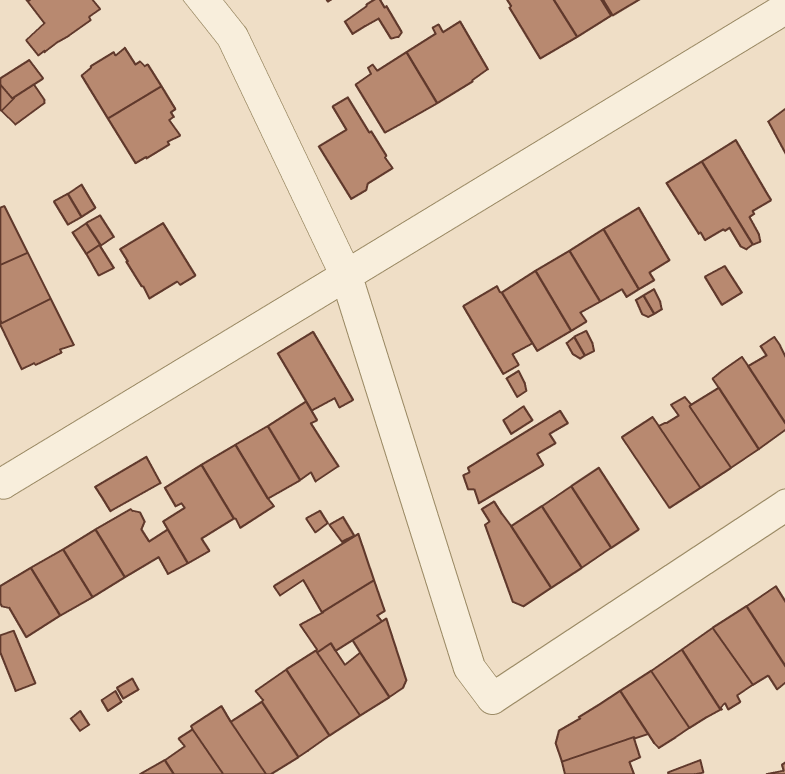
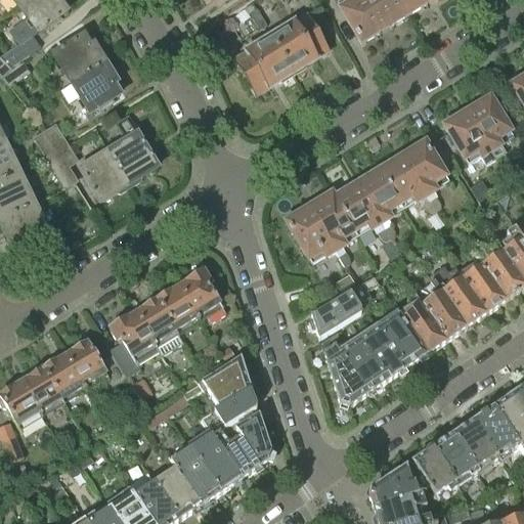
building: [319,97,393,199] -> [110,116,159,183]
building: [278,332,353,410] -> [286,204,336,256]
building: none -> [398,291,446,352]
building: [95,457,161,511] -> none

